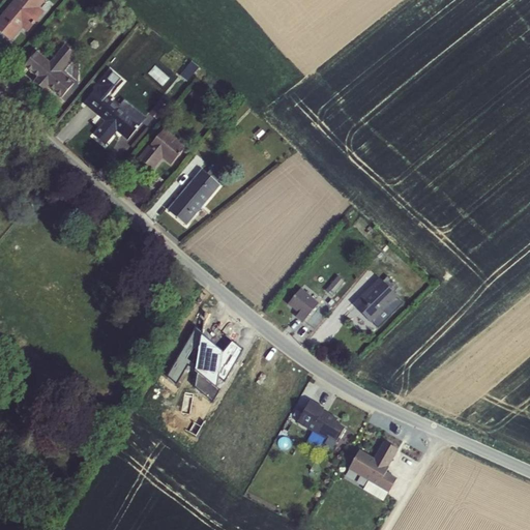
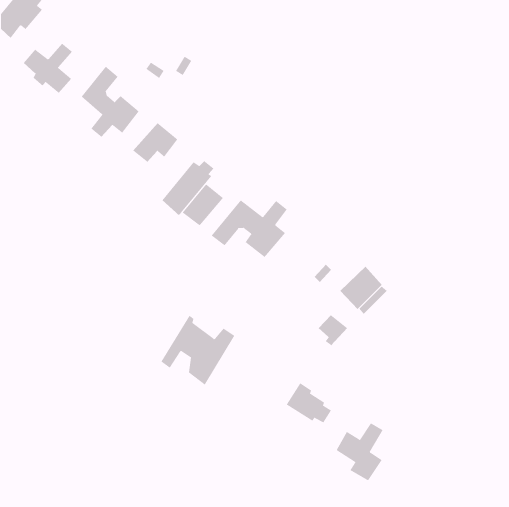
building: none -> [182,184,224,226]
building: none -> [211,199,287,258]
building: [288,288,319,321] -> [318,314,348,346]

